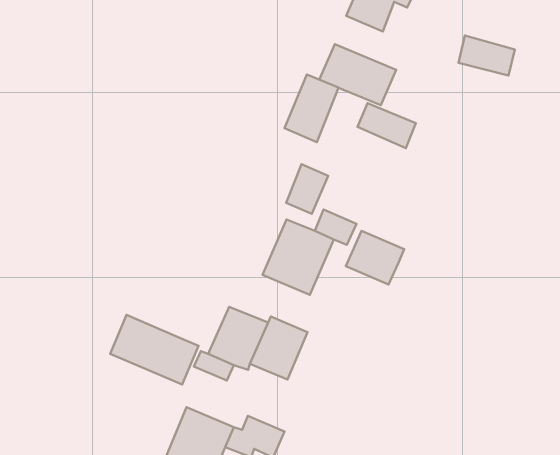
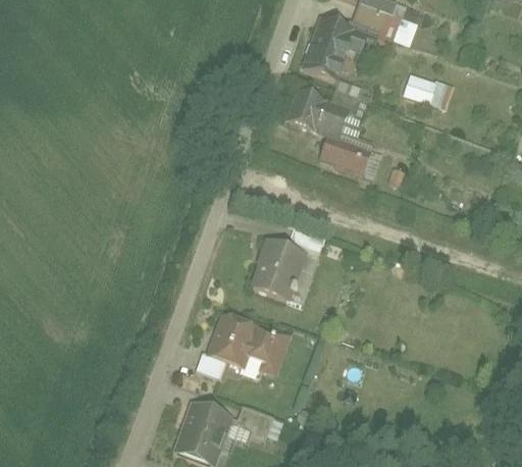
building: [284,75,338,142] -> none
building: [286,164,328,214] -> none
building: [346,231,404,285] -> none
building: [110,315,199,385] -> none

